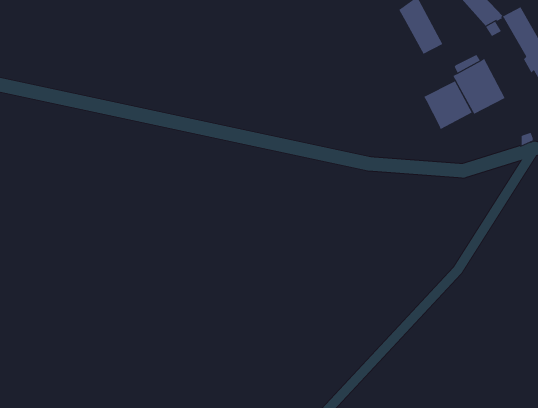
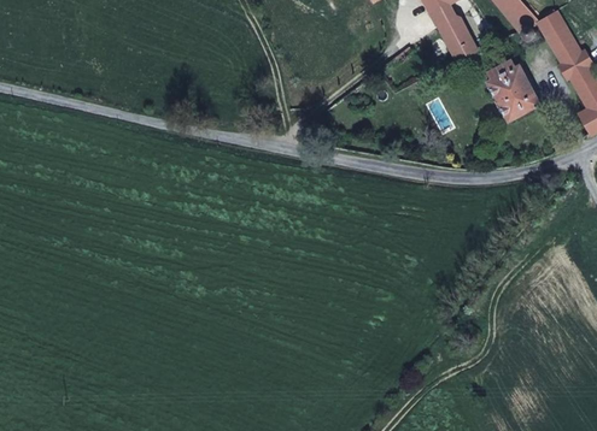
building: [424,80,473,130] -> none

